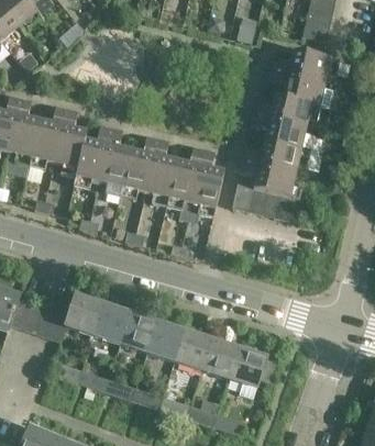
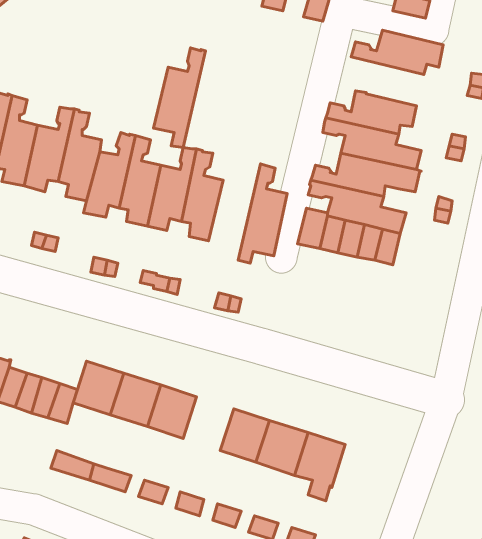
building: [268,69,332,108] -> none
building: [165,146,203,220] -> [153,48,205,147]
building: [146,321,184,360] -> none

